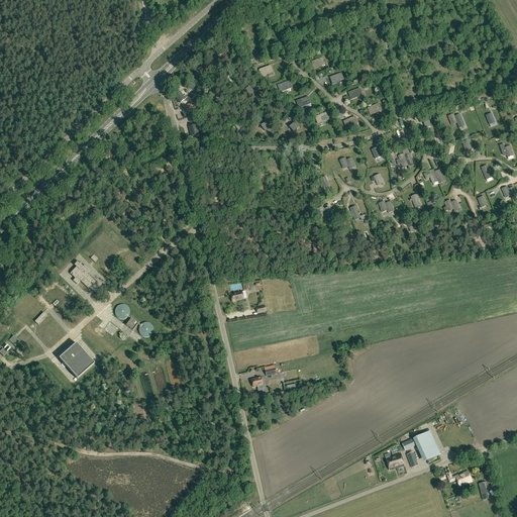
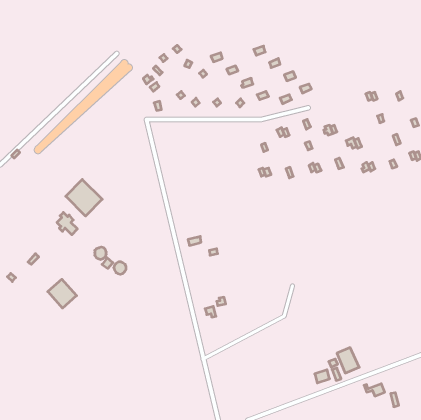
building: none -> [66,179,102,216]

